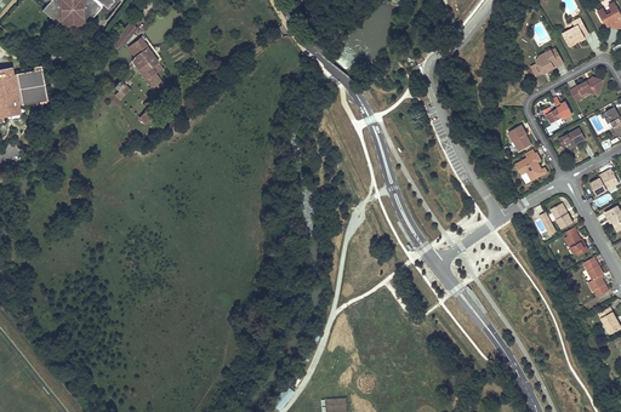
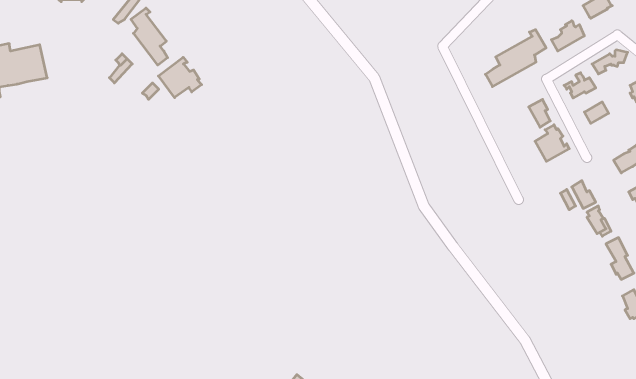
building: none -> [485,30,546,87]
building: none -> [158,57,202,98]

